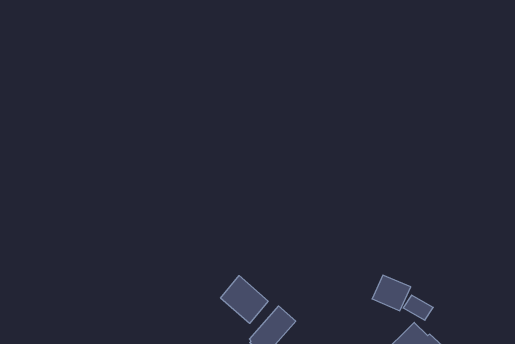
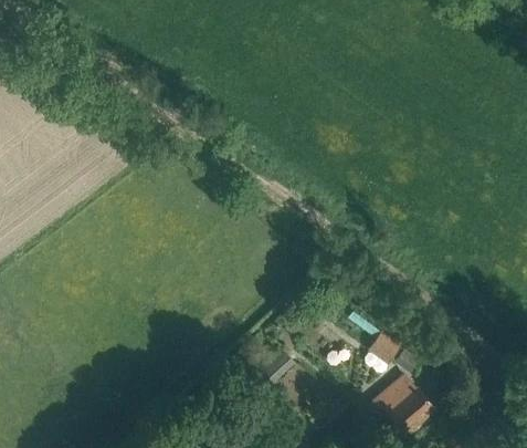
building: [221,276,268,323] -> none

